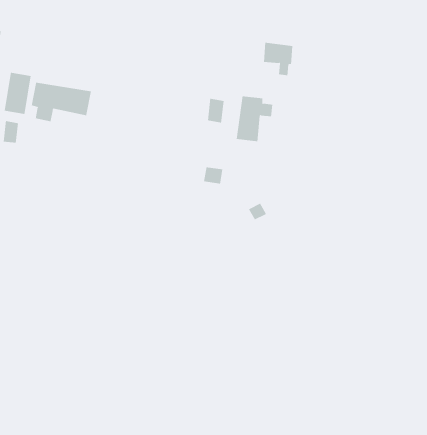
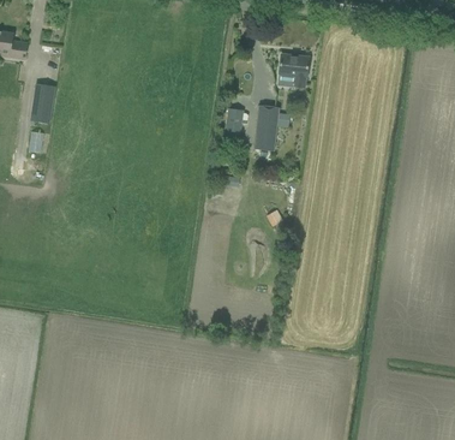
building: [31,82,91,122] -> none

